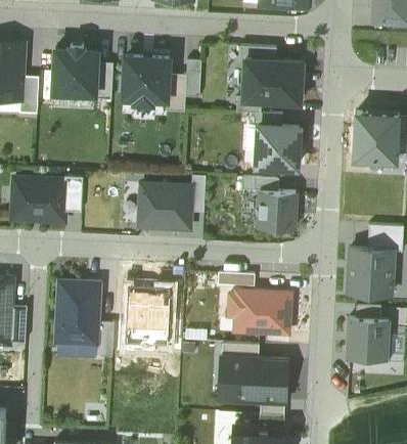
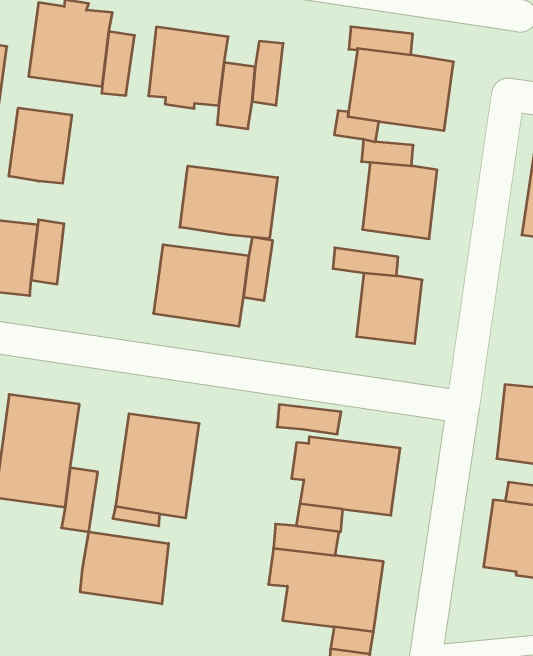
building: none -> [9,108,72,183]
building: none -> [180,166,278,239]
building: none -> [80,532,169,604]

